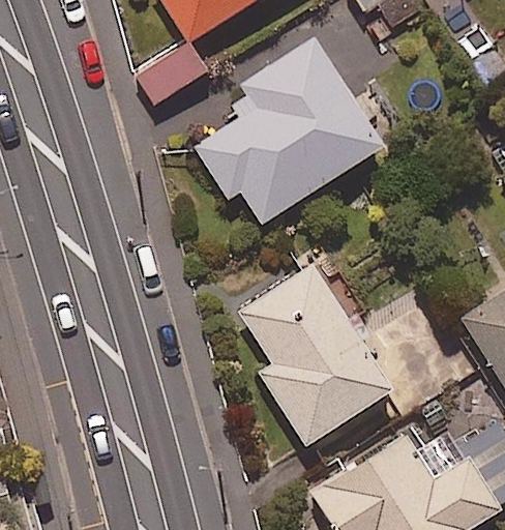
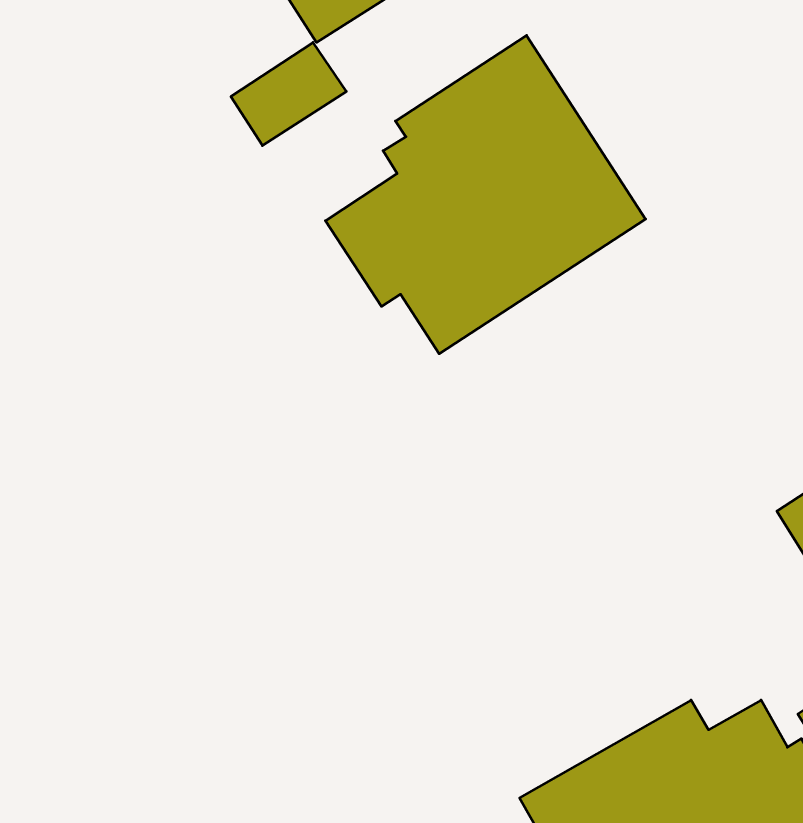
building: [235,263,393,447] -> none

